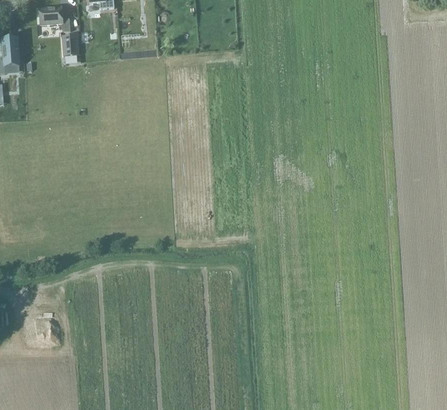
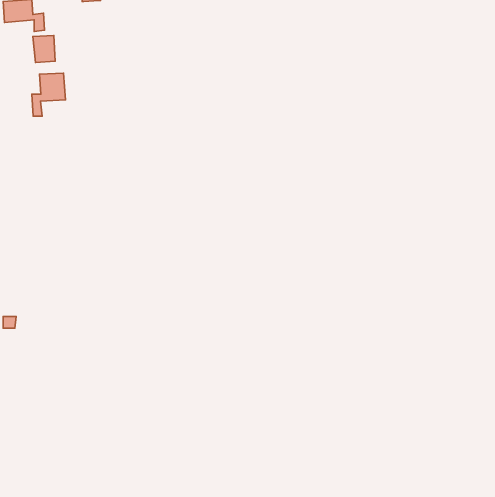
building: none -> [32,73,66,116]

